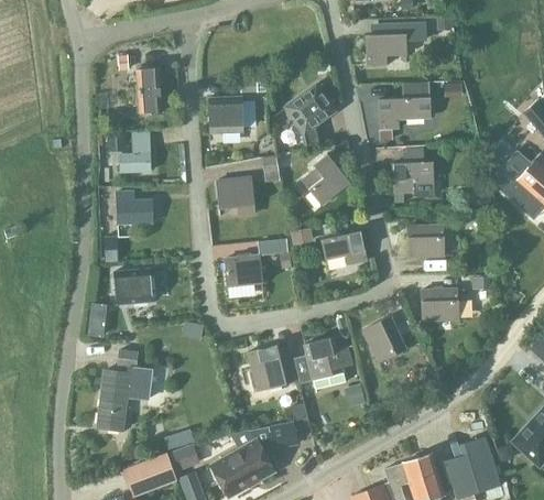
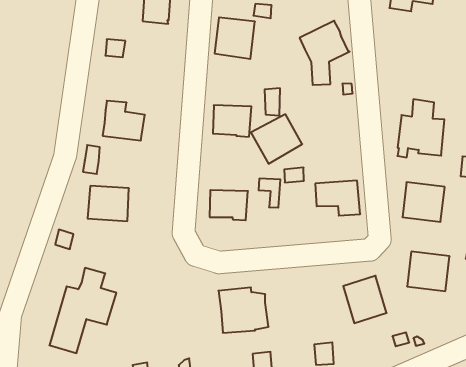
building: [377,79,431,139] -> none
building: [120,139,151,173] -> none
building: [301,157,350,206] -> [251,114,302,164]
building: [292,336,352,382] -> none

